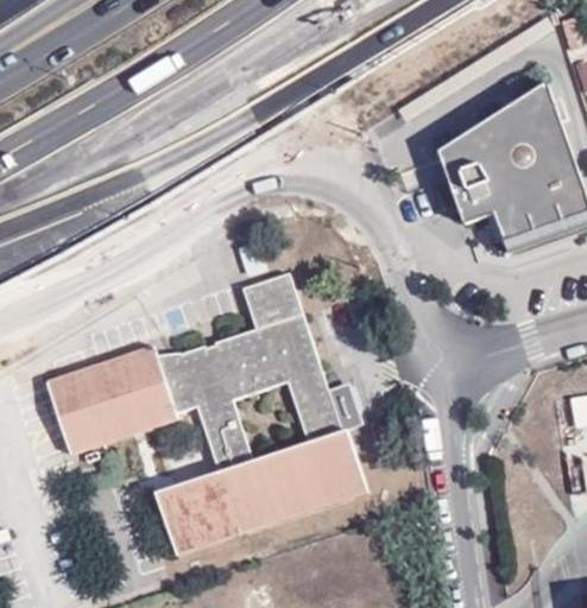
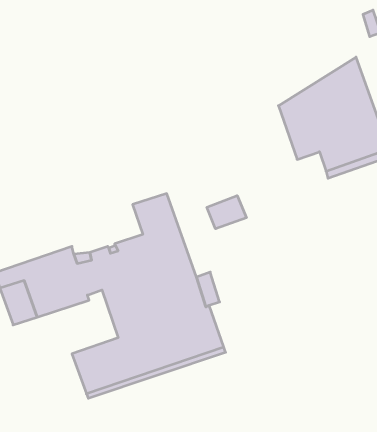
building: none -> [207,196,246,229]

